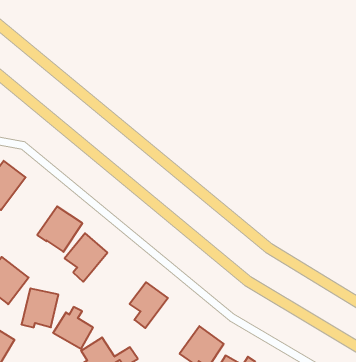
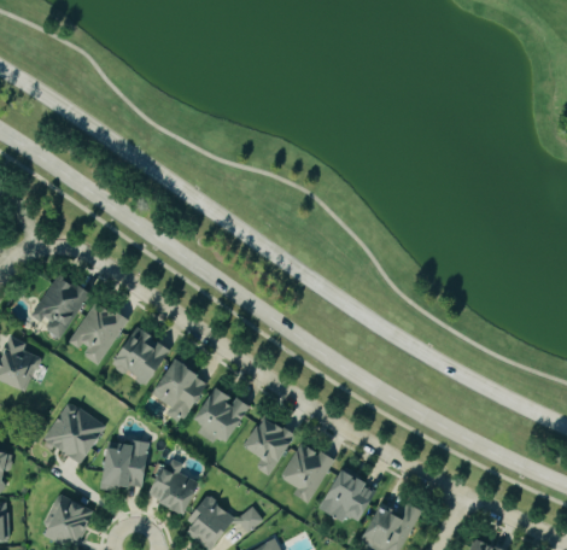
building: none -> [65,298,127,365]
building: none -> [192,385,250,444]
building: none -> [277,440,331,502]

